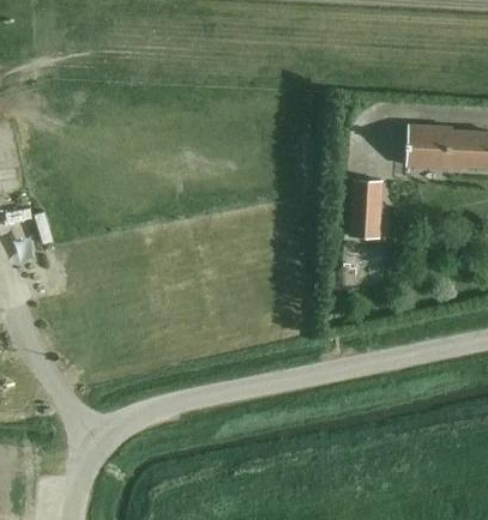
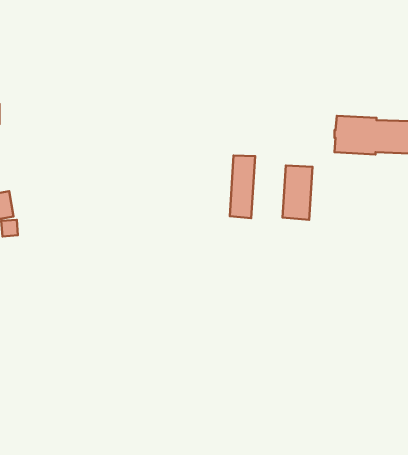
building: none -> [230,156,255,218]

